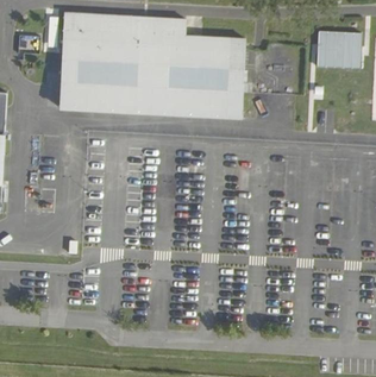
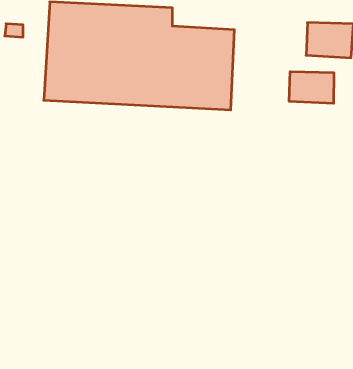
building: none -> [289,72,334,103]

